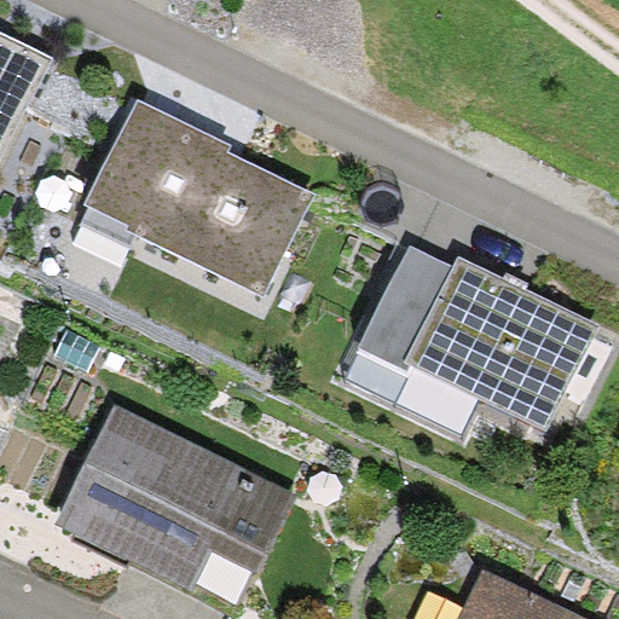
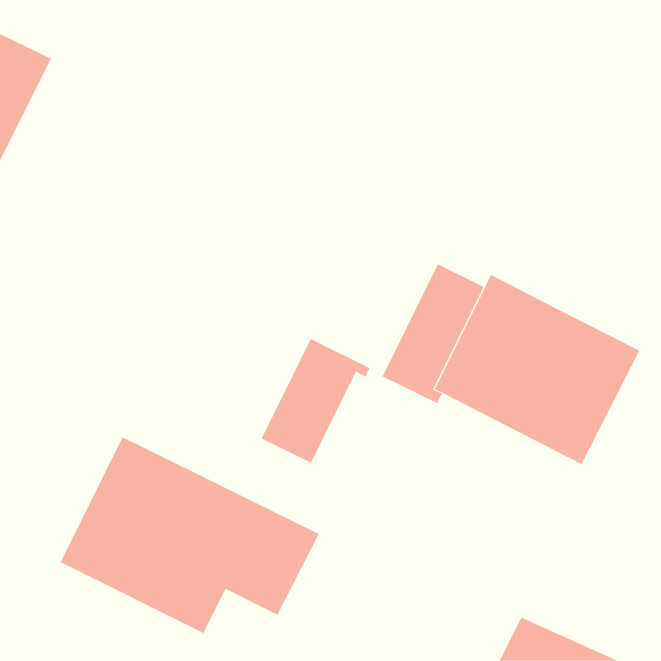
building: [83,98,311,299] -> none
building: none -> [261,338,370,464]

